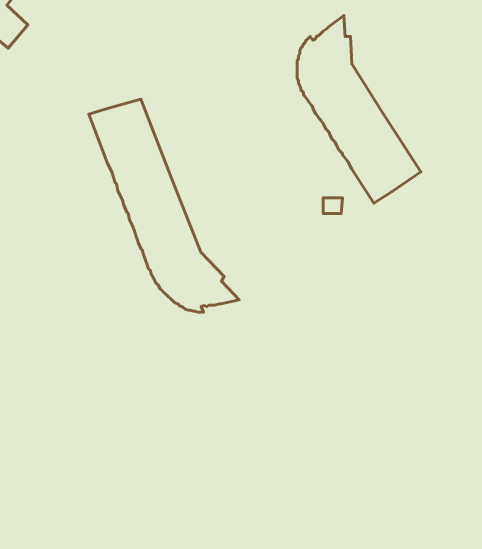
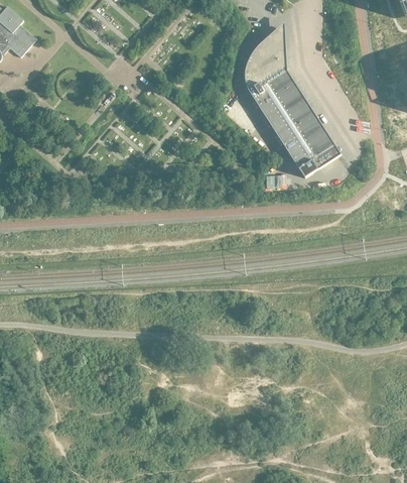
building: [89,99,239,312] -> none

